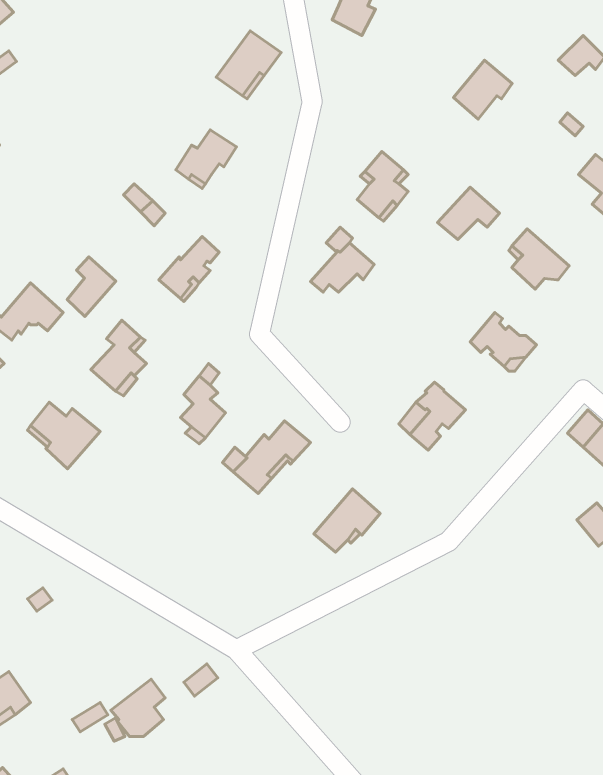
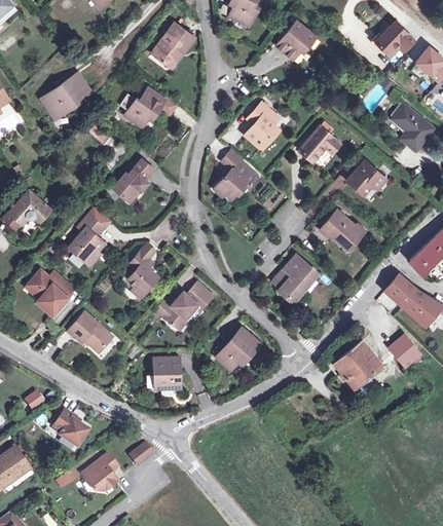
building: [454,60,512,119] -> [275,21,315,60]
building: none -> [42,73,91,117]
building: [67,257,116,316] -> none
building: none -> [68,311,112,350]
building: none -> [334,341,381,387]
building: none -> [153,356,180,388]
building: none -> [52,410,85,446]

